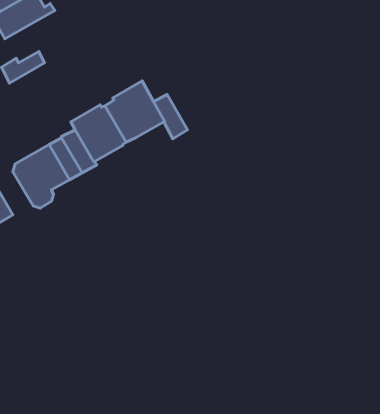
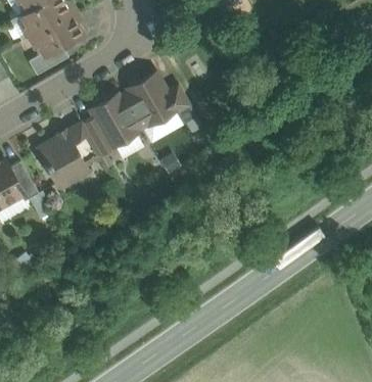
building: none -> [31,10,82,57]

